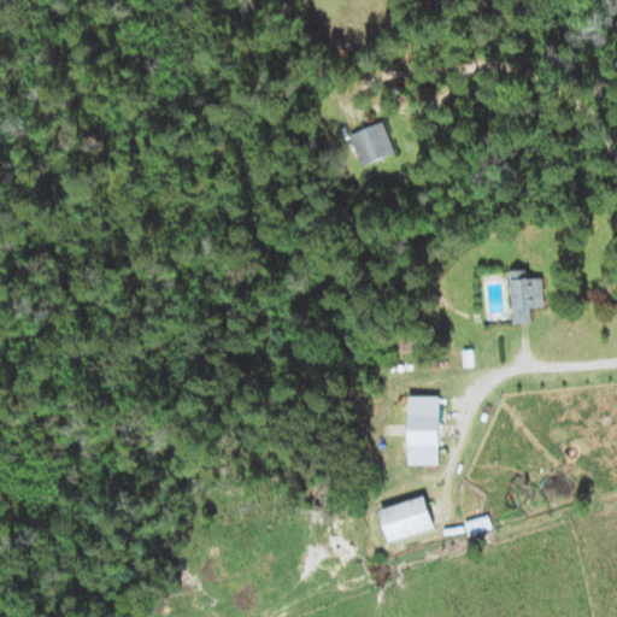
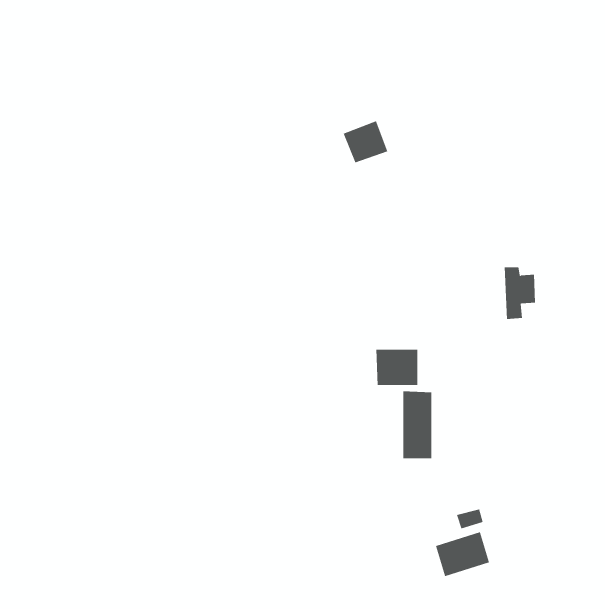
building: none -> [376,349,418,386]
building: [377,495,433,541] -> [435,532,490,577]

